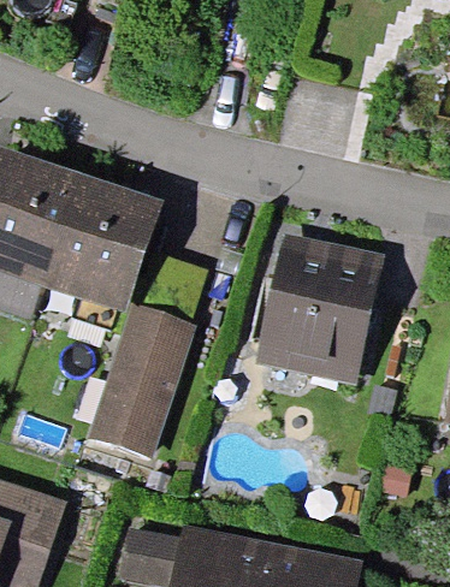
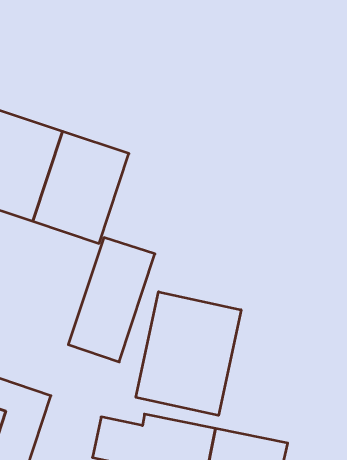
building: [254,235,383,385] -> none
building: none -> [136,292,241,415]

